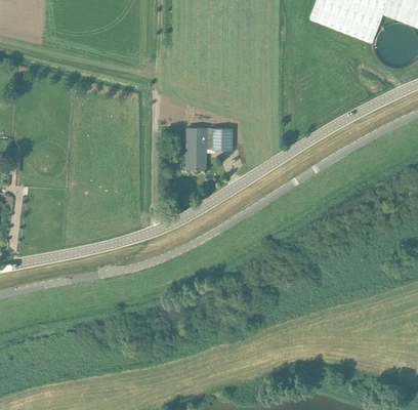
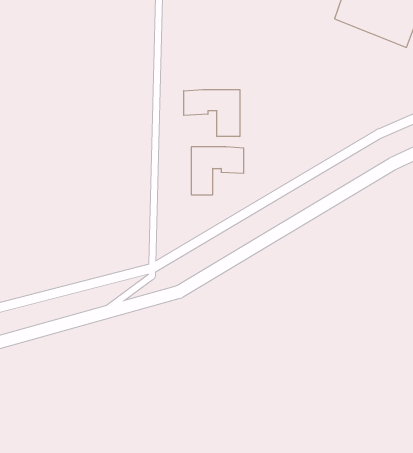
building: none -> [184,90,240,137]

